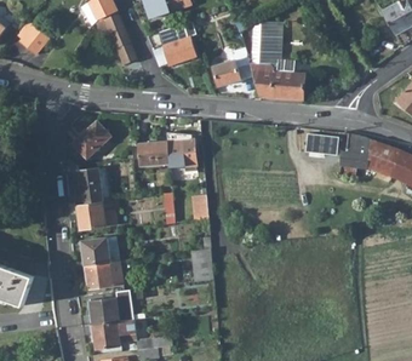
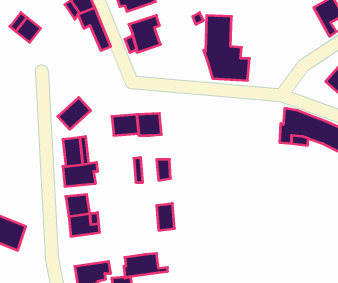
building: [211,47,253,86] -> none
building: [309,132,341,154] -> none
building: [91,296,144,325] -> [124,253,168,277]

